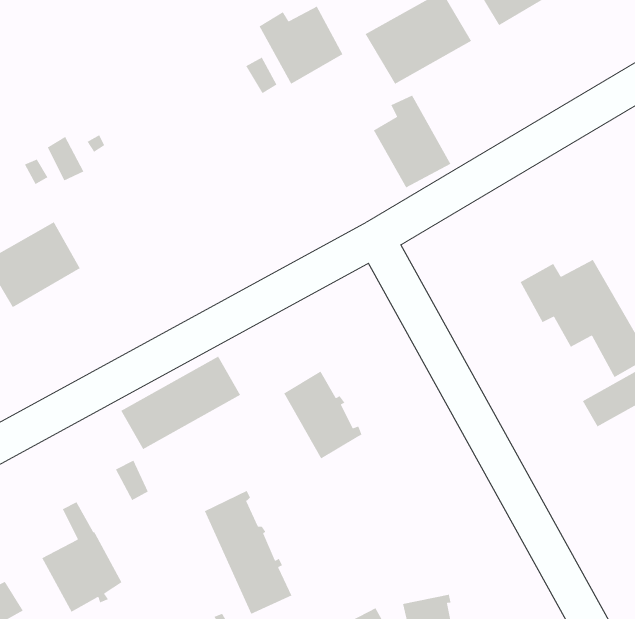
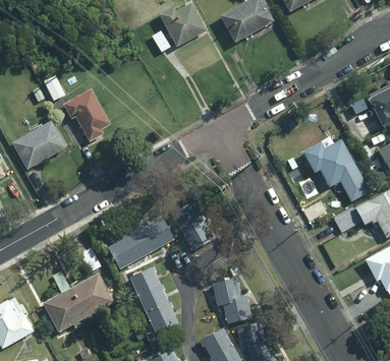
building: [373,94,451,188] -> none
building: none -> [64,87,109,139]
building: [120,356,241,450] -> [108,217,173,267]
building: none -> [71,272,113,314]
building: none -> [213,277,252,321]

